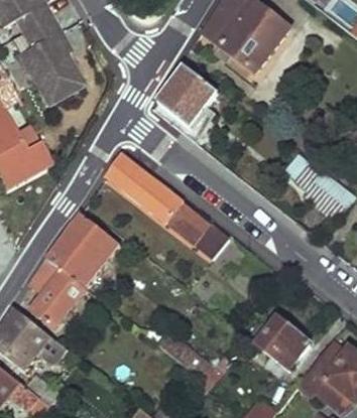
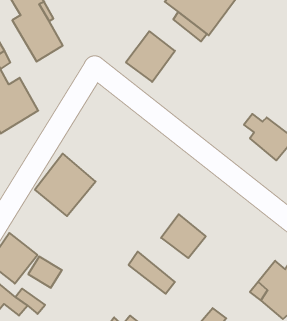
building: [105,154,228,256] -> none
building: [28,257,85,327] -> none
building: [256,317,310,370] -> [161,214,206,258]

